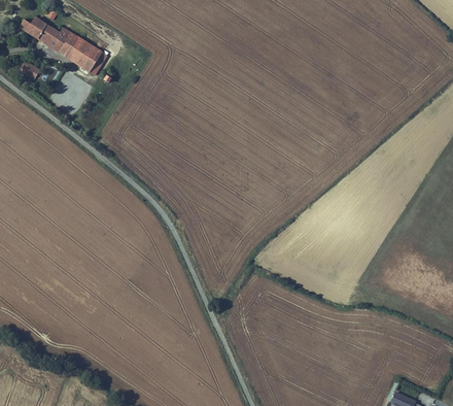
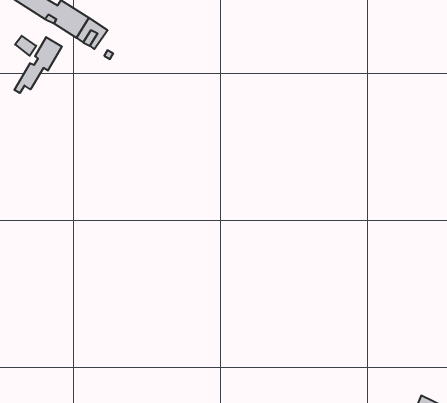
building: none -> [14,37,62,93]

